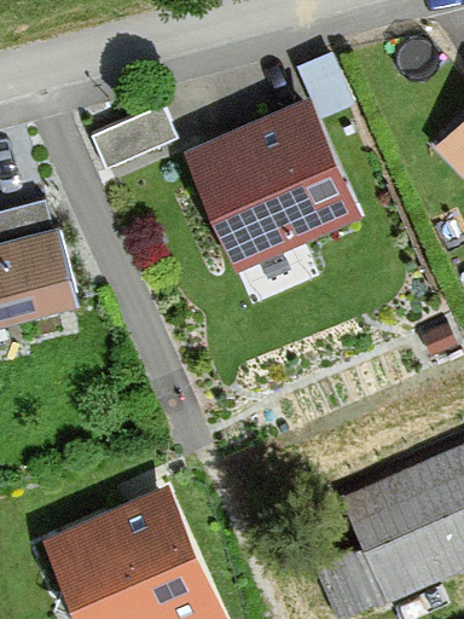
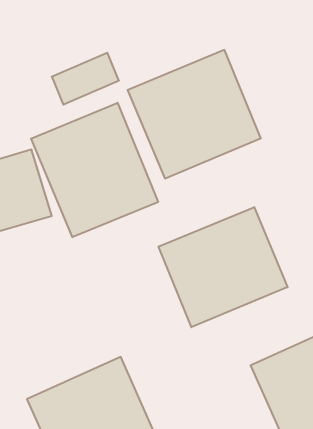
building: none -> [31,103,158,237]
building: none -> [159,207,288,327]

